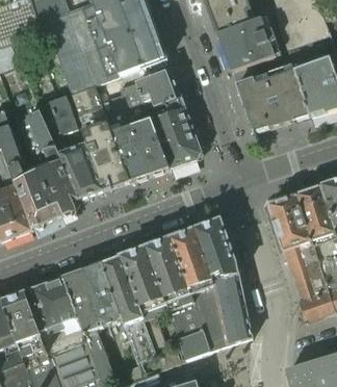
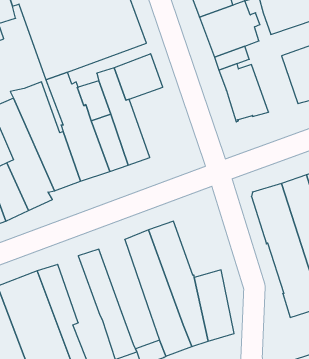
building: [267,69,312,123] -> none
building: [150,99,201,166] -> none
building: [192,217,238,282] -> none
building: [121,246,167,346] -> none
building: [81,261,122,326] -> none

